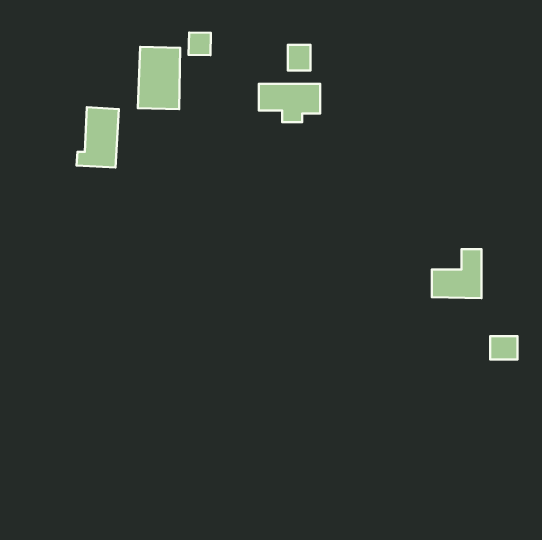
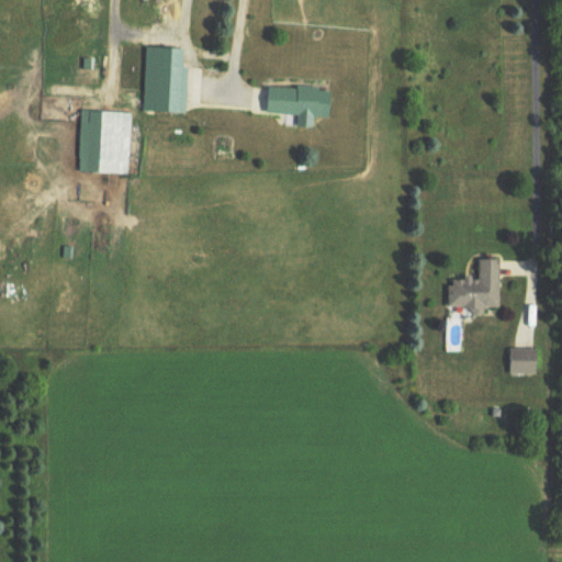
building: [189,32,211,55] -> none
building: [288,45,310,71] -> none

